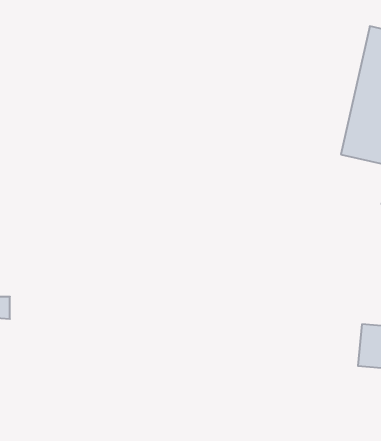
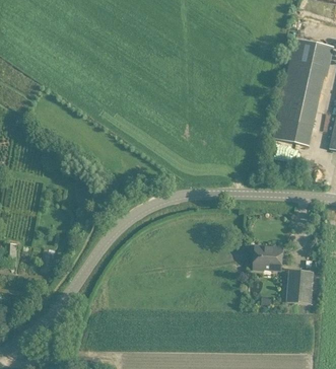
building: none -> [254,245,283,270]

